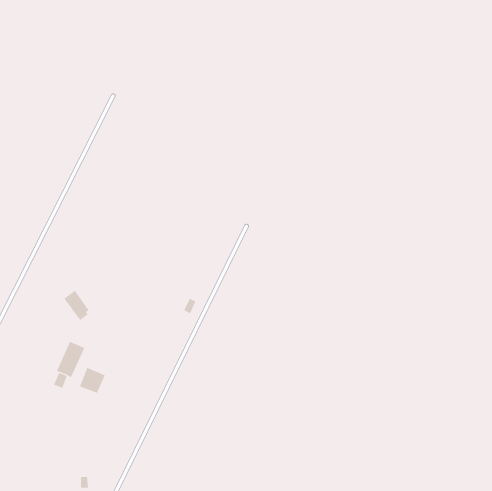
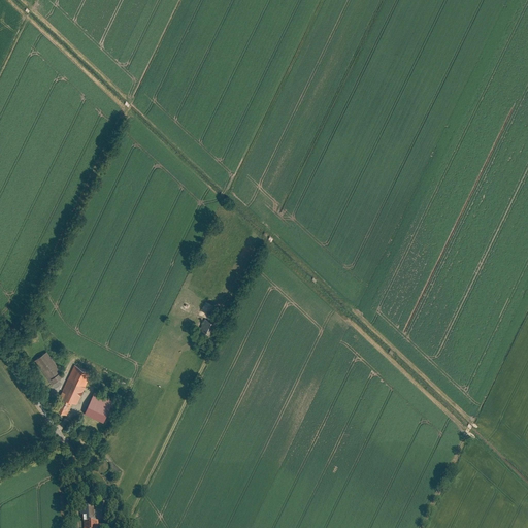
building: [63,290,90,321] -> [34,354,62,387]

